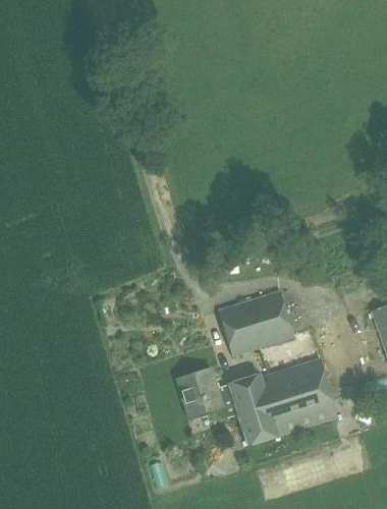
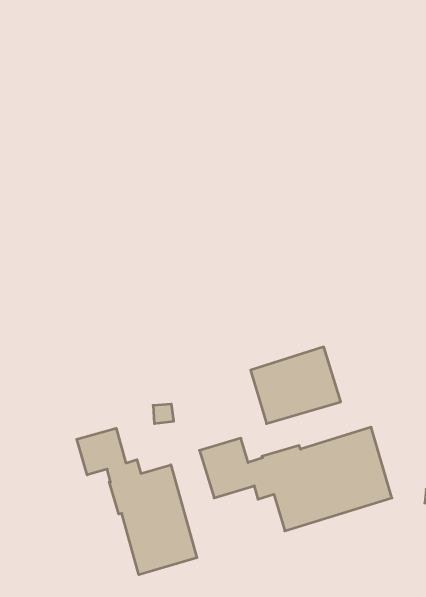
building: none -> [77,428,197,575]

